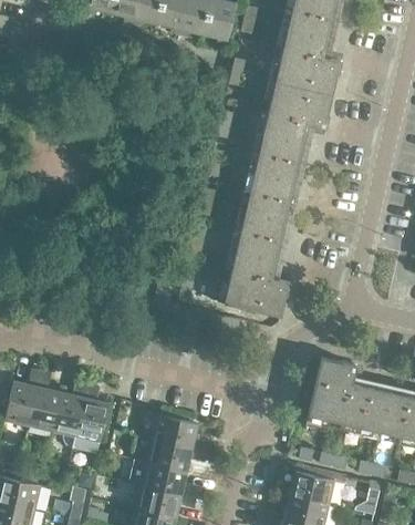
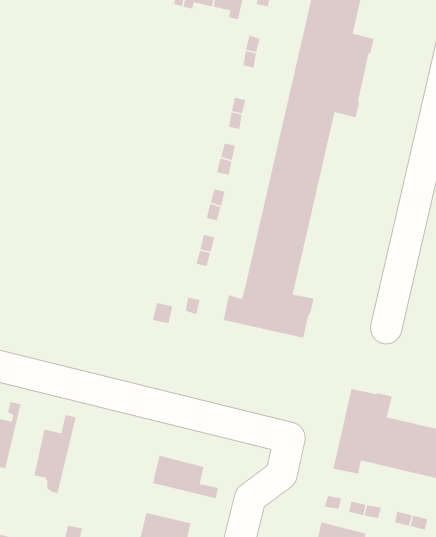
building: [30,371,62,432] -> none
building: [74,382,110,453] -> none
building: [148,439,208,472] -> none

